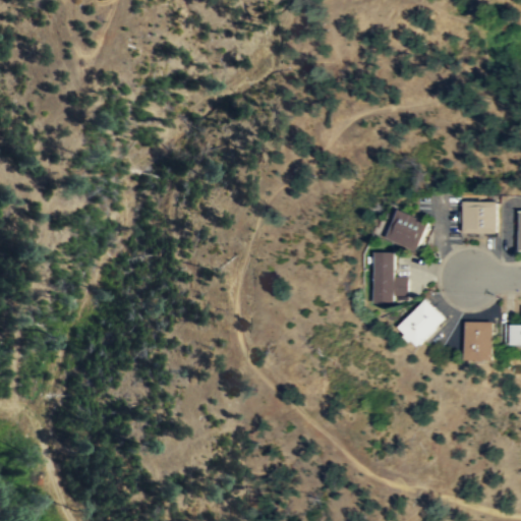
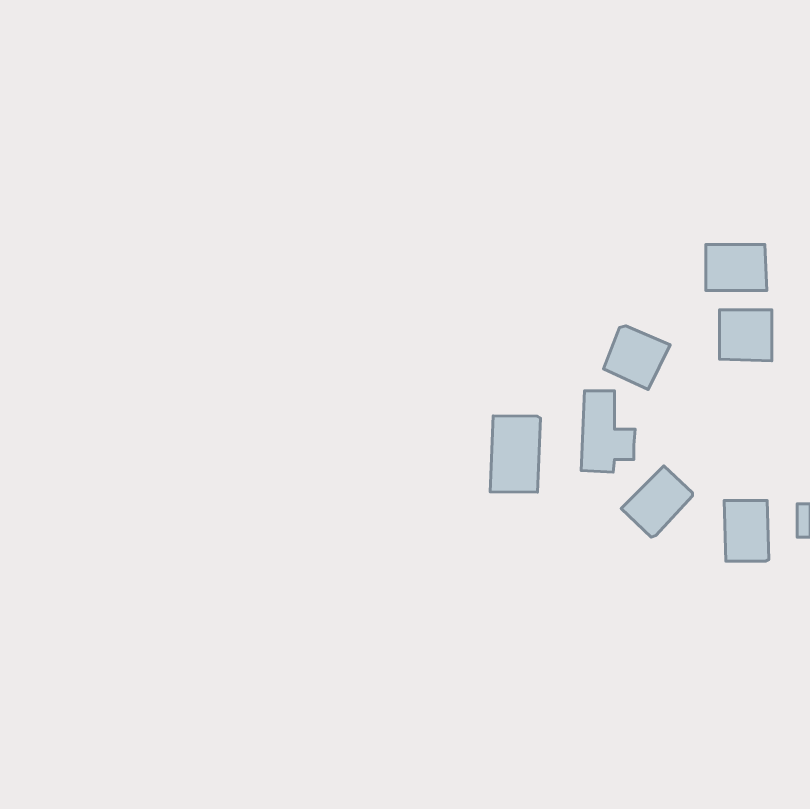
building: none -> [706,245,767,291]
building: none -> [490,416,540,492]

